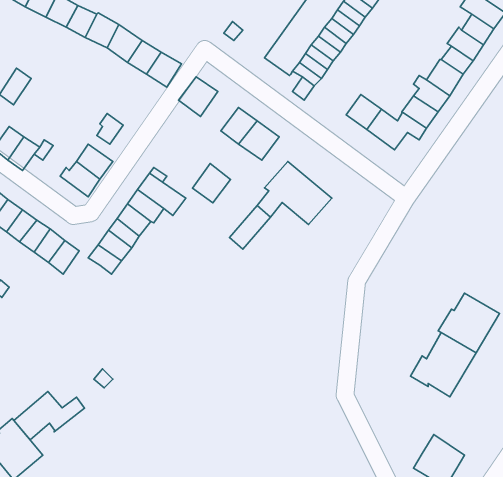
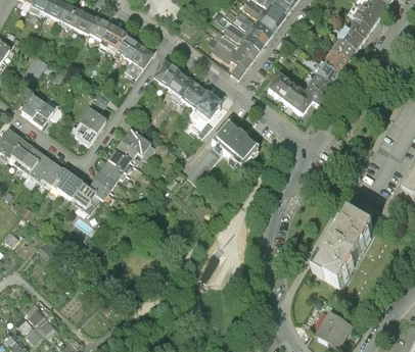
building: [193,163,230,203] -> [166,70,192,98]
building: none -> [70,182,95,211]
building: [14,392,84,440] -> none

